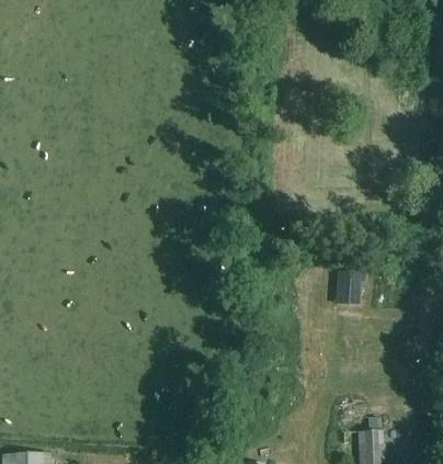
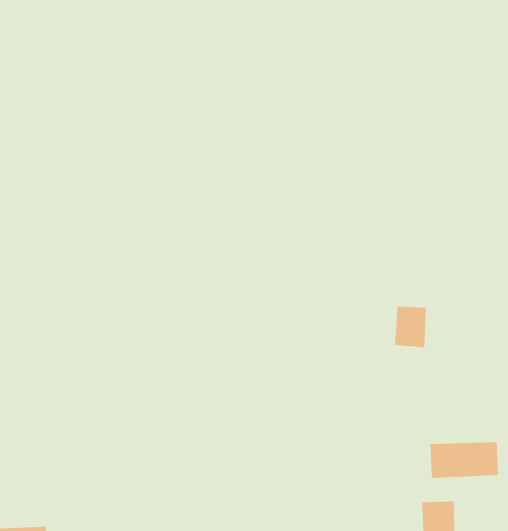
building: none -> [430,441,499,479]

